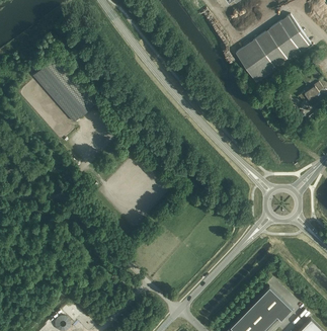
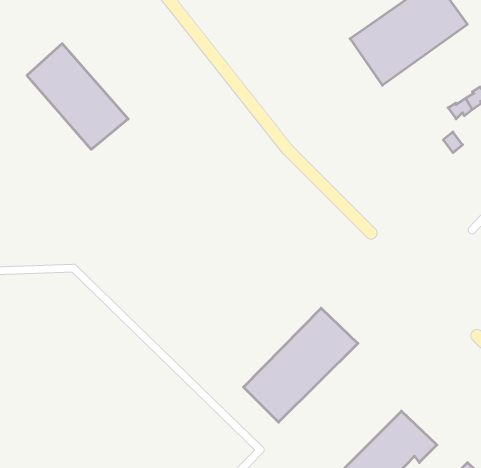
building: none -> [243,308,358,422]

